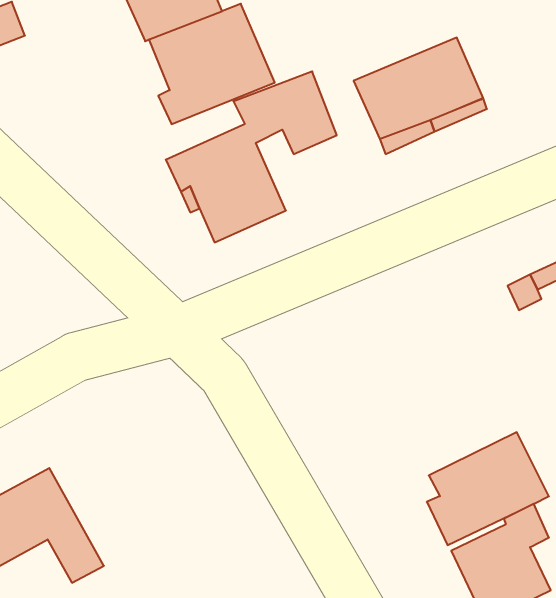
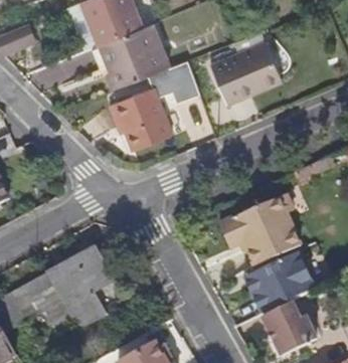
building: none -> [217,195,299,267]
building: none -> [46,245,123,329]

